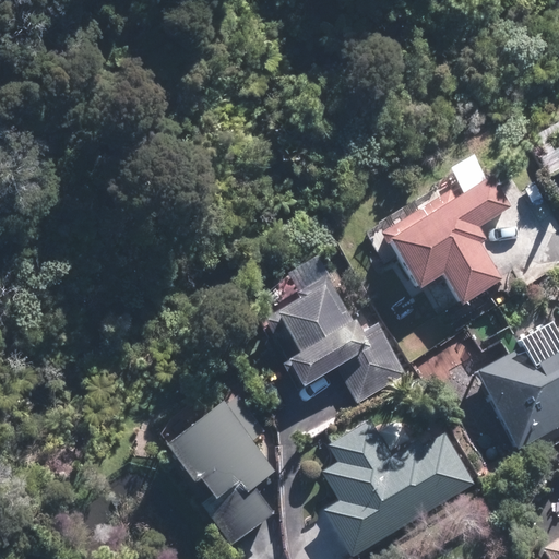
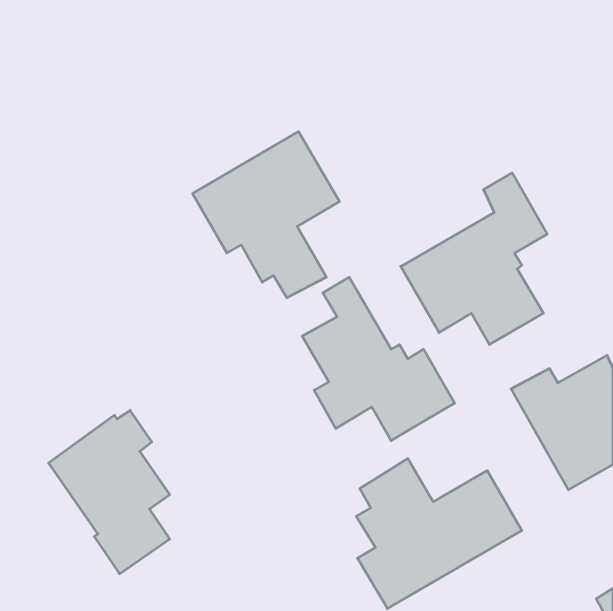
building: none -> [193,132,339,298]
building: [168,397,278,546] -> [49,410,170,574]

